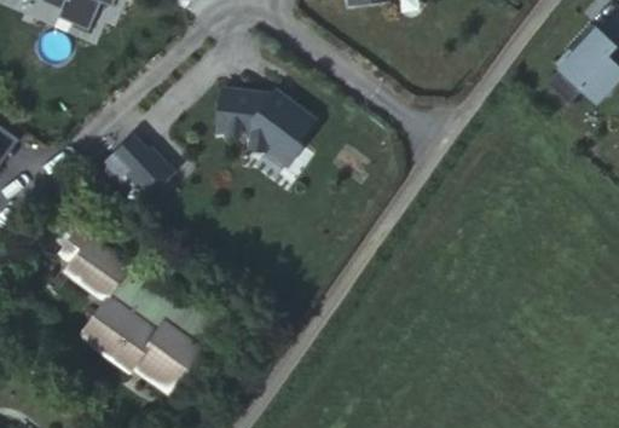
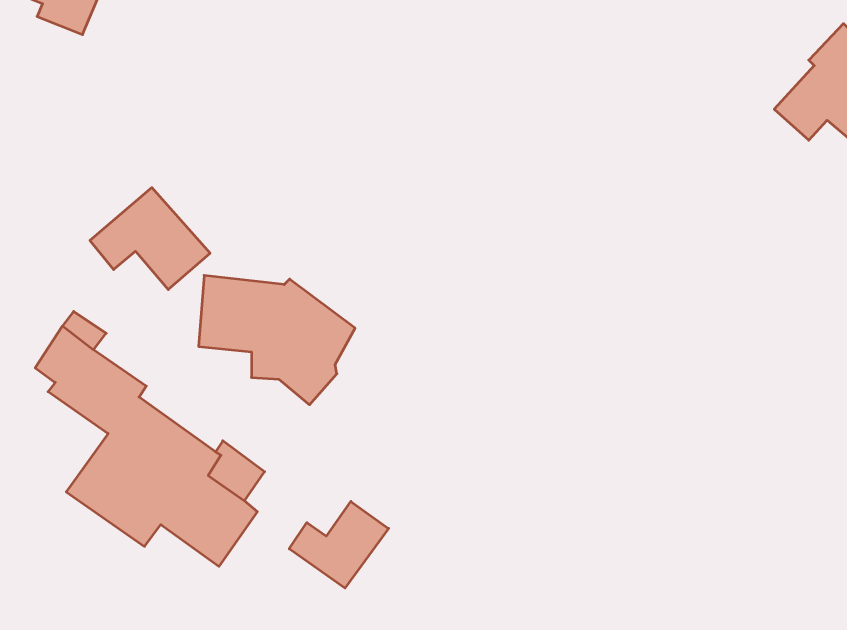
building: [213,85,317,170] -> [199,275,355,405]
building: none -> [289,501,389,588]

